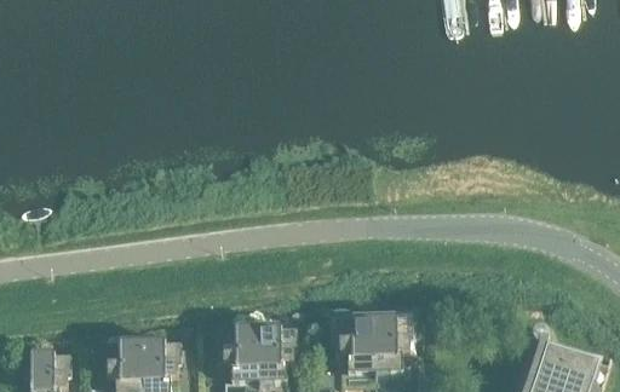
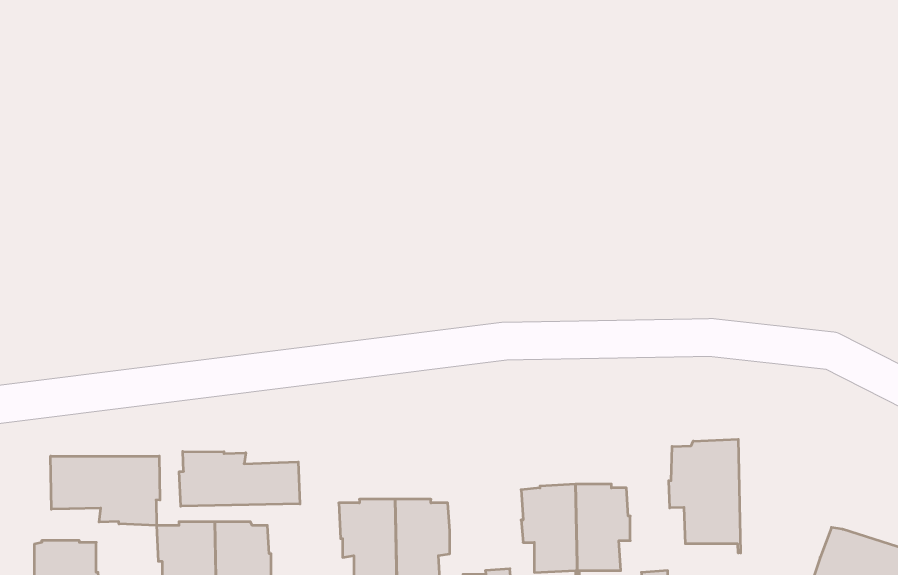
building: none -> [669,439,741,553]
building: none -> [179,451,300,506]
building: none -> [51,456,160,525]

